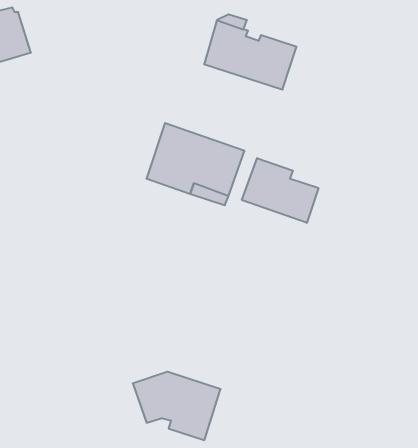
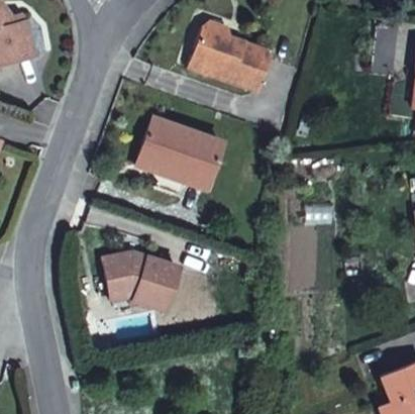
building: [242,158,318,223] -> none
building: [133,372,221,440] -> [109,254,186,314]

